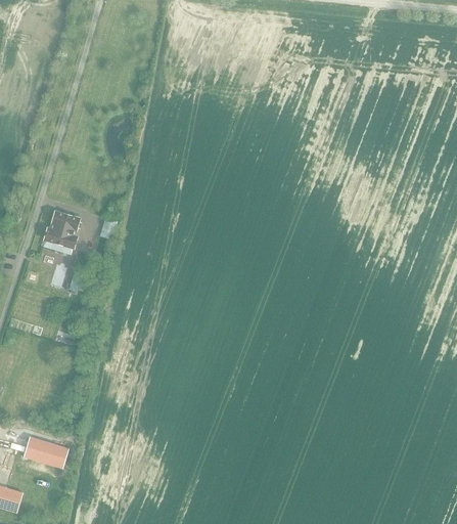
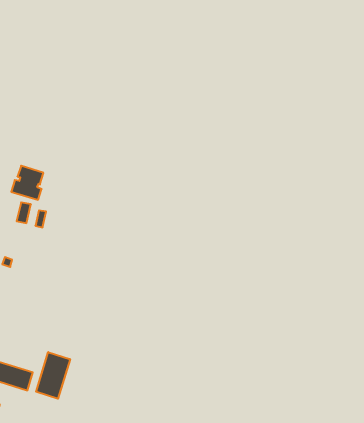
building: none -> [36,352,70,399]

